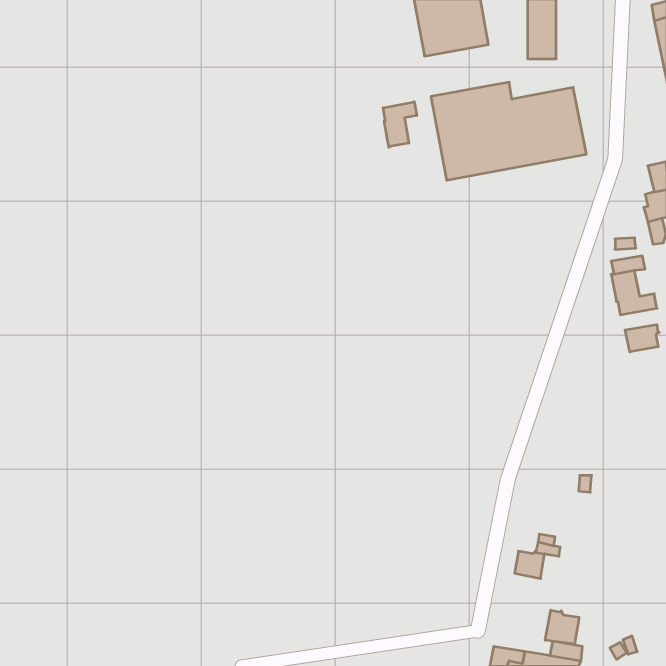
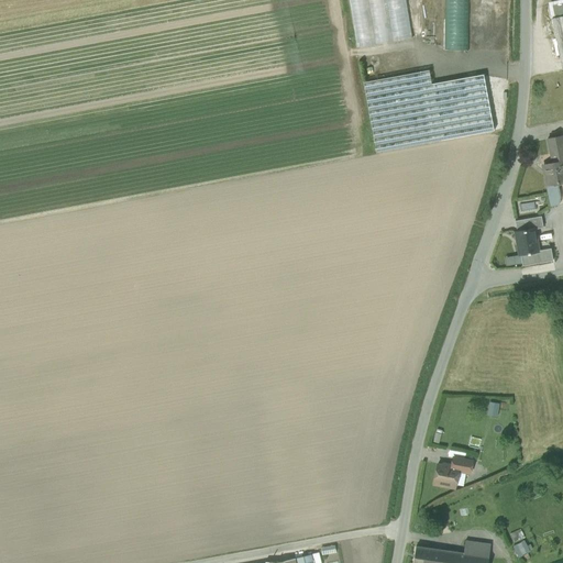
building: [383,102,417,147] -> none
building: [625,325,659,352] -> none
building: [545,610,579,644] -> none

